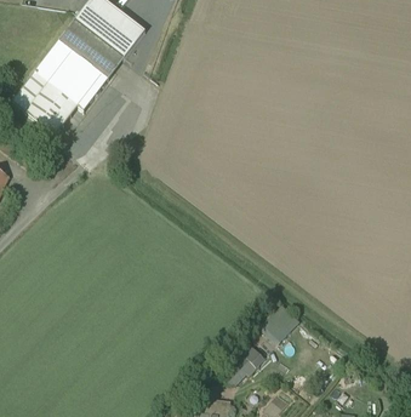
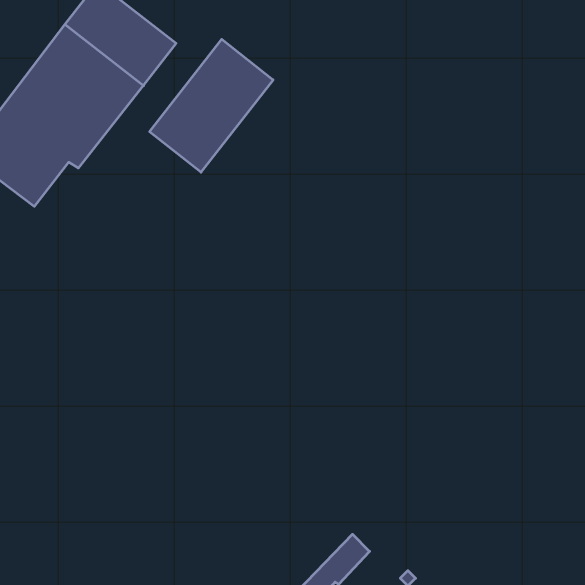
building: none -> [150,39,273,172]

